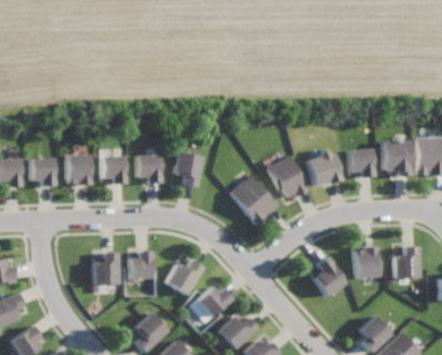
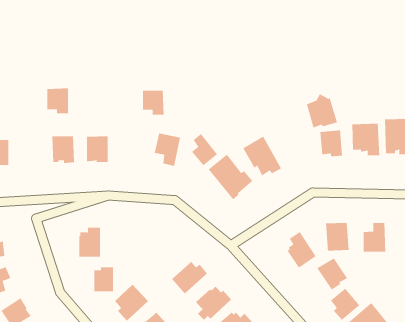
building: [308,149,341,185] -> [306,93,338,128]
building: none -> [191,133,218,166]
building: [136,155,160,181] -> [142,90,164,115]
building: [32,158,55,185] -> [47,88,69,114]
building: [130,251,152,278] -> [93,267,114,292]
building: [165,260,202,294] -> none
building: none -> [317,257,348,290]

